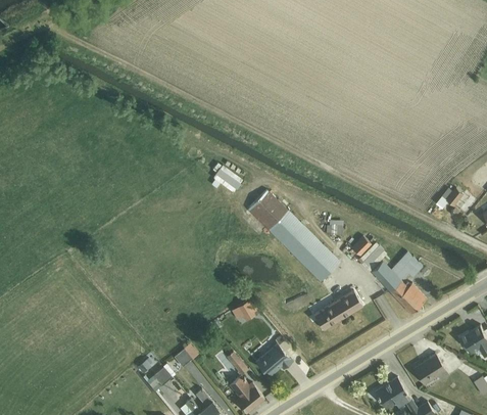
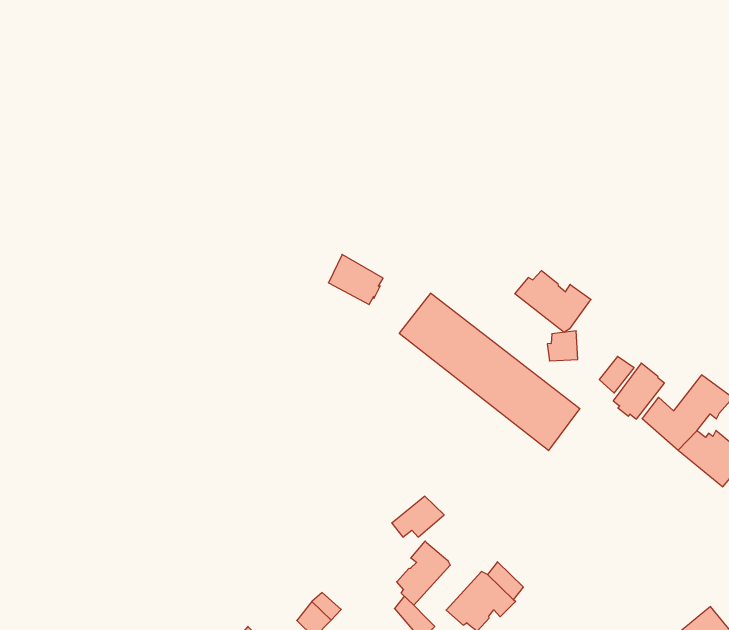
building: none -> [515,271,591,332]
building: [312,289,361,329] -> none
building: none -> [397,541,450,605]

